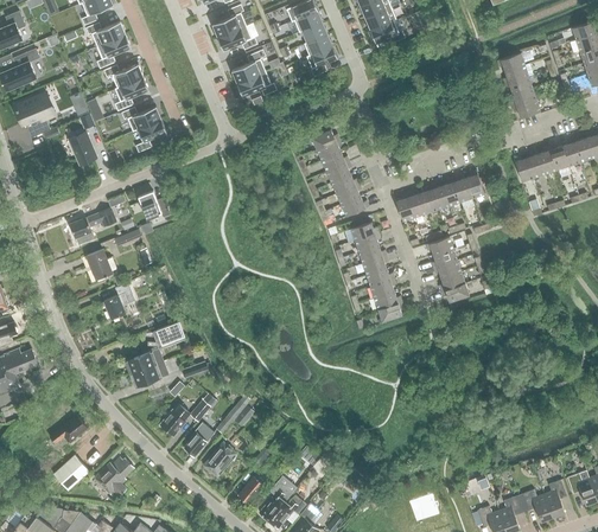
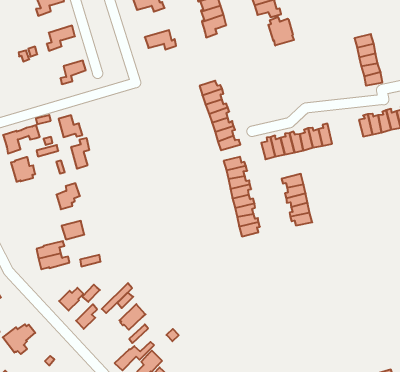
building: none -> [268,17,294,46]
building: [231,49,266,83] -> none
building: [103,64,144,89] -> none
building: [121,105,161,132] -> none
building: [69,132,96,165] -> none
building: none -> [71,138,89,169]
building: [104,283,134,318] -> [56,183,80,209]
building: [204,442,236,475] -> [119,304,146,330]

